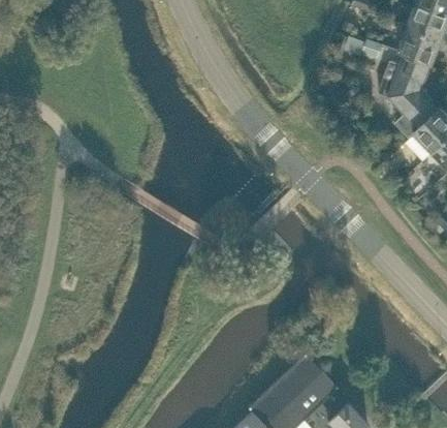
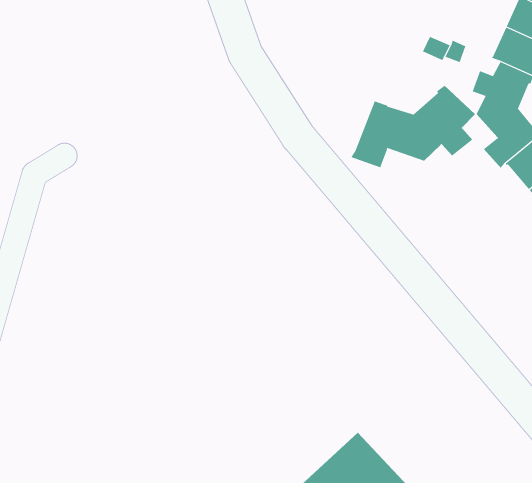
building: none -> [351,85,476,168]

